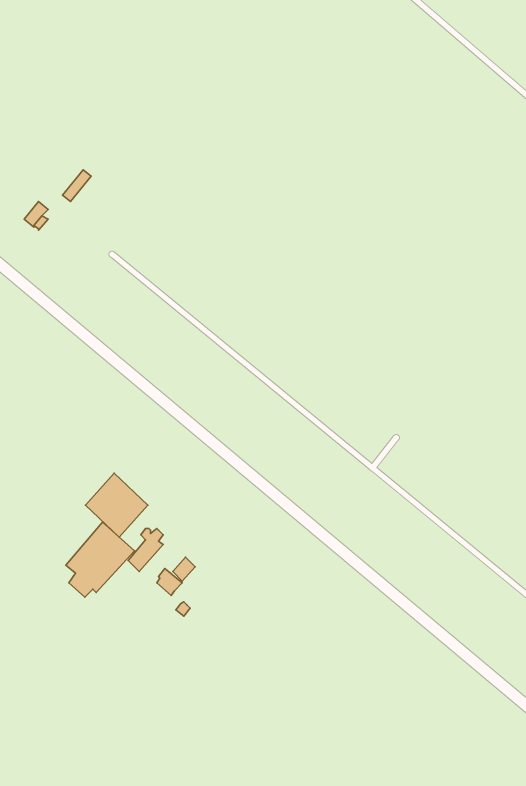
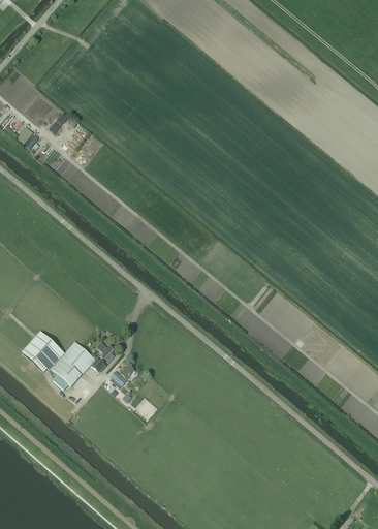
building: [86,473,148,537] -> [22,330,62,371]

